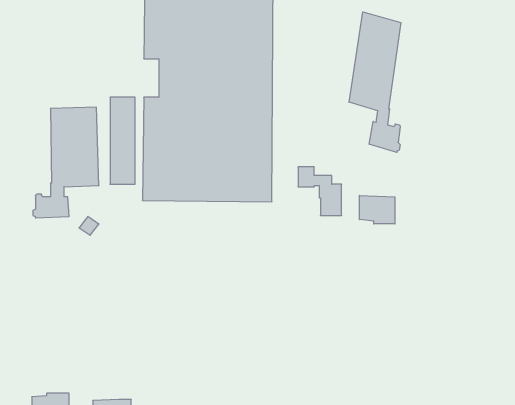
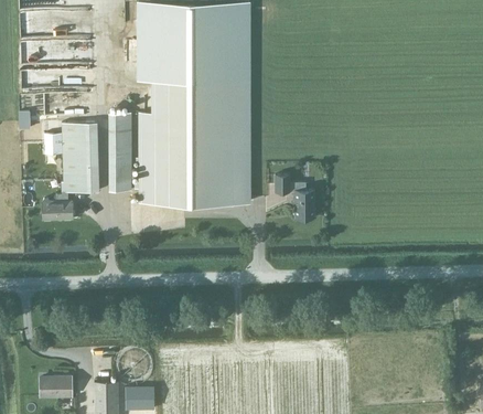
building: [349,12,401,152] -> none
building: [360,195,395,224] -> none

